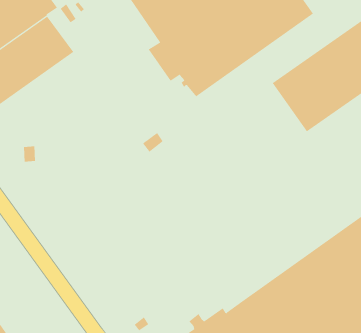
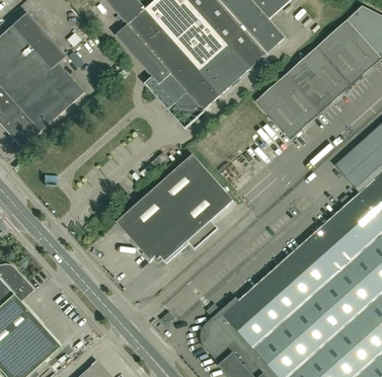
building: none -> [117,153,234,261]

